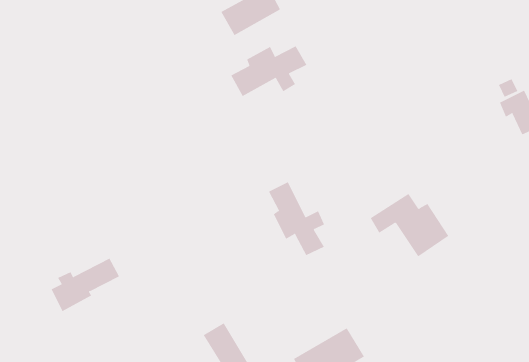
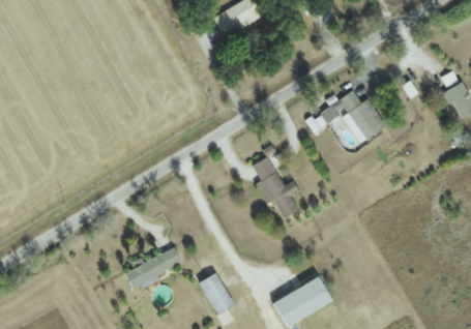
building: [230,45,307,97] -> none
building: [370,193,449,257] -> [320,91,385,144]
building: [51,258,120,312] -> [124,247,181,292]

